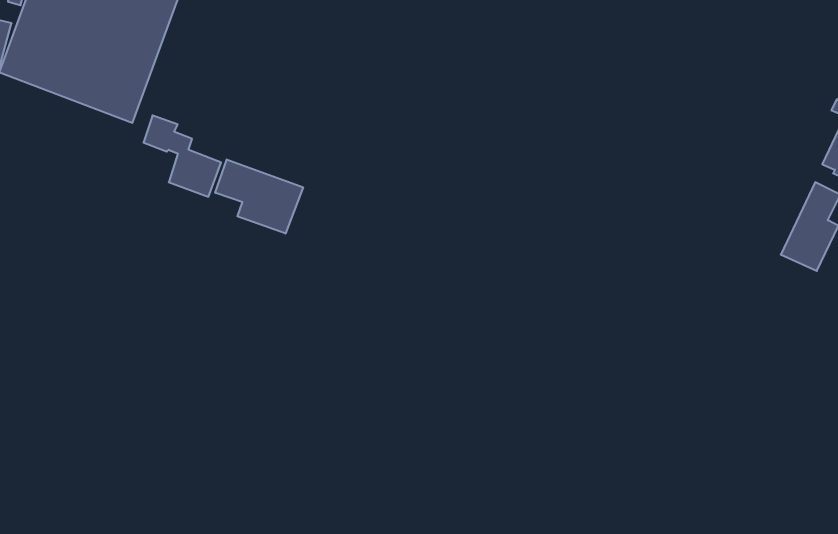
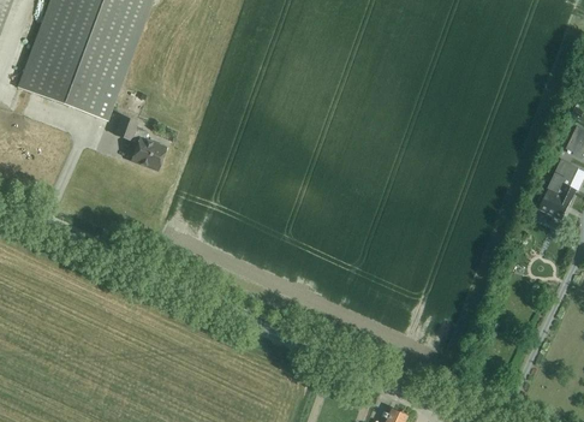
building: [215,159,303,234] -> none

